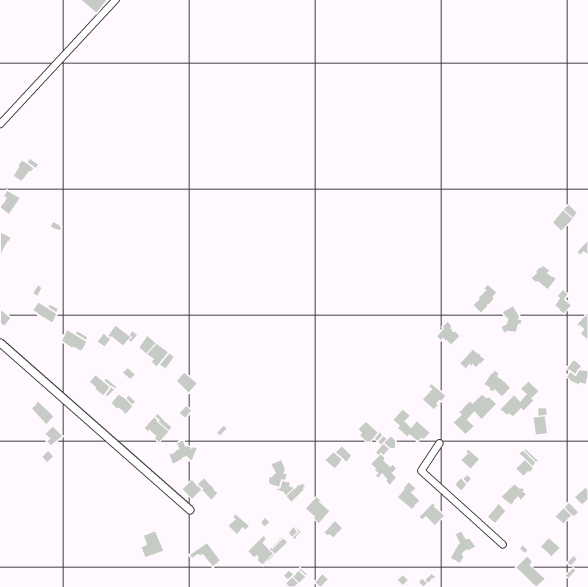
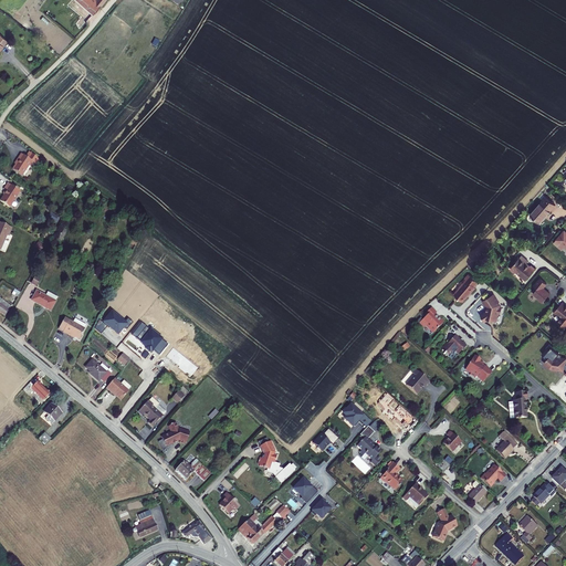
building: [500,381,539,417] -> none
building: [453,394,497,435] -> none

